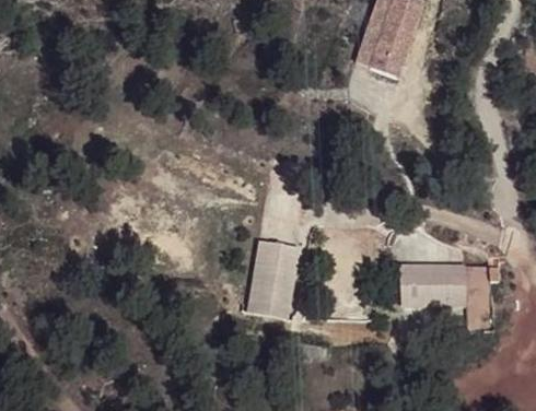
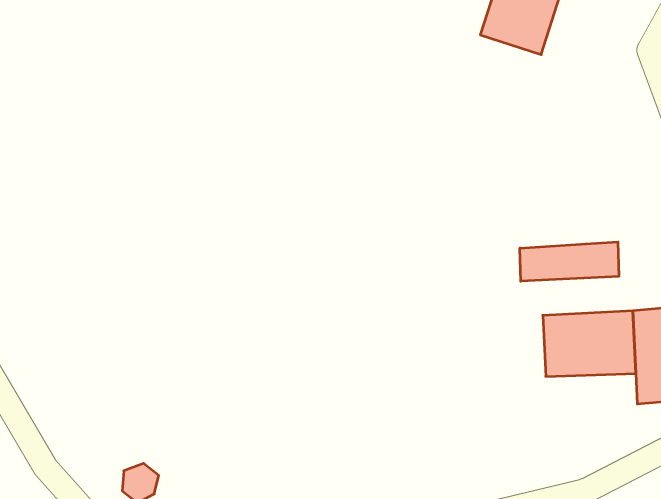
building: none -> [520,242,619,281]
building: [247,240,301,319] -> none

